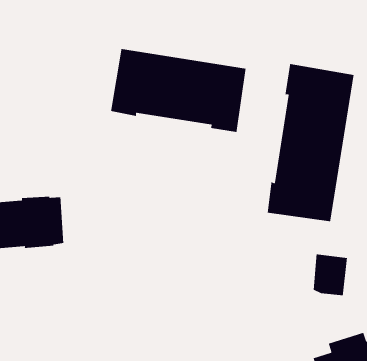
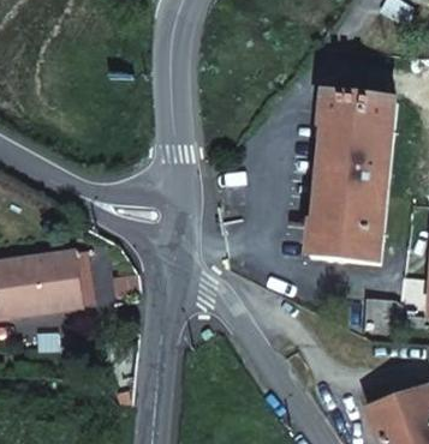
building: [110,48,247,133] -> none

